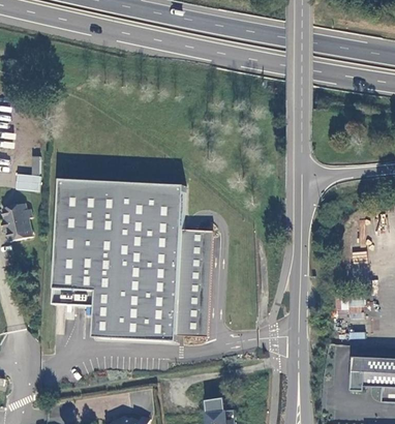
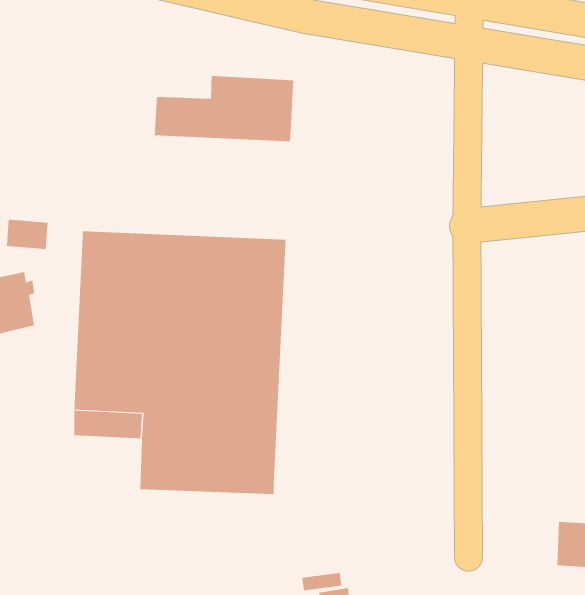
building: none -> [154,75,294,142]
building: [176,229,212,335] -> none

